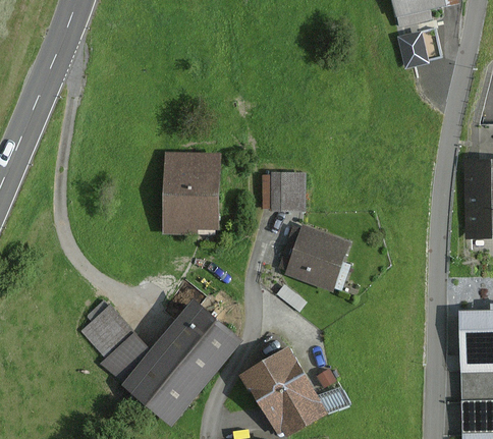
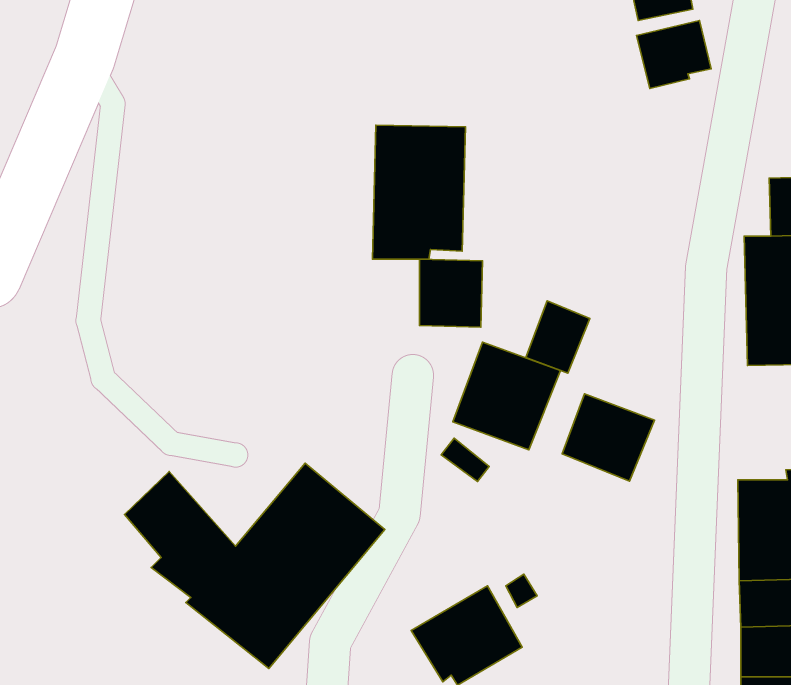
building: [163,152,220,234] -> [373,125,465,259]
building: none -> [526,301,590,373]
building: none -> [562,394,654,481]
building: [242,347,306,402] -> none

